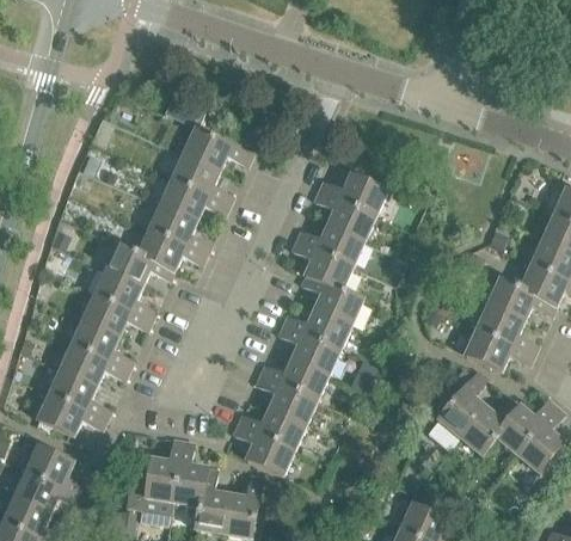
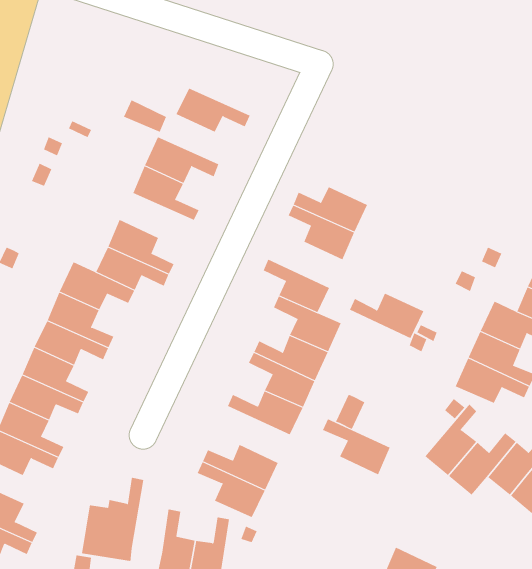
building: [160,180,228,221] -> [176,88,251,133]
building: [295,225,363,266] -> [349,293,424,339]
building: [253,374,315,425] -> [322,418,391,475]
building: [172,441,204,506] -> none

